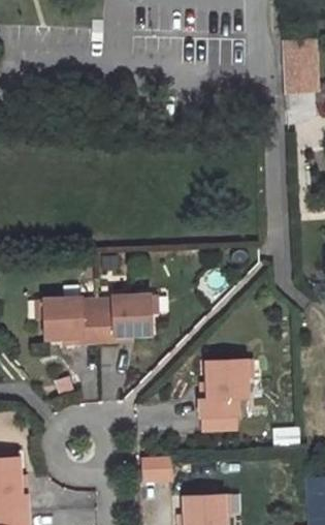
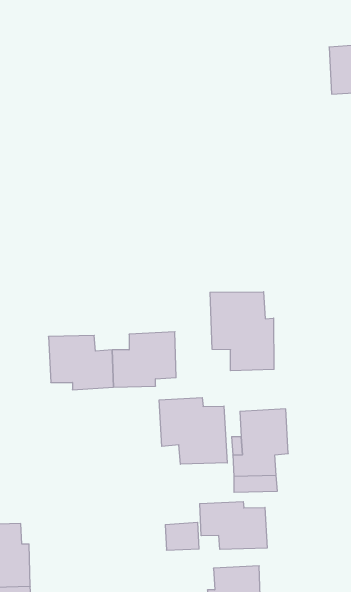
building: none -> [210,292,274,371]
building: none -> [159,398,227,464]
building: none -> [200,502,267,549]

